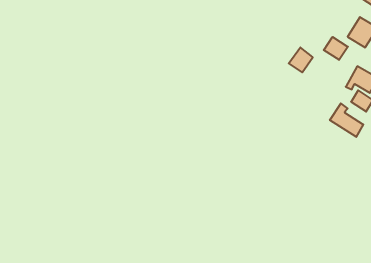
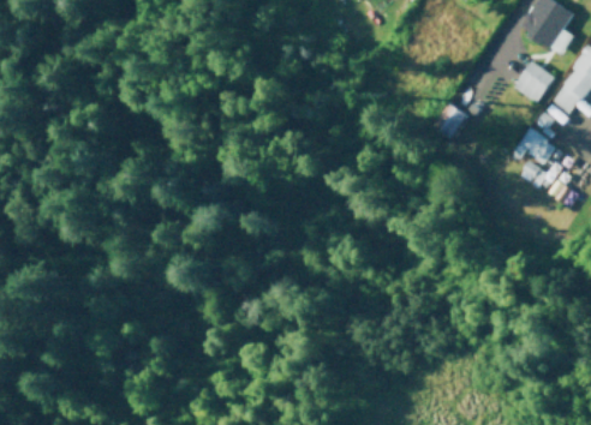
building: [324,37,348,60] -> none
building: [330,103,363,137] -> none

